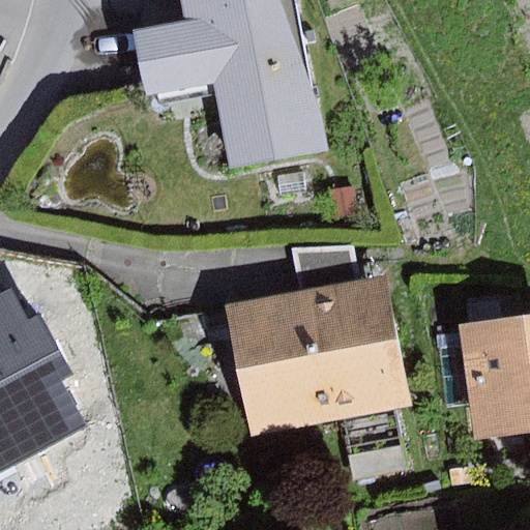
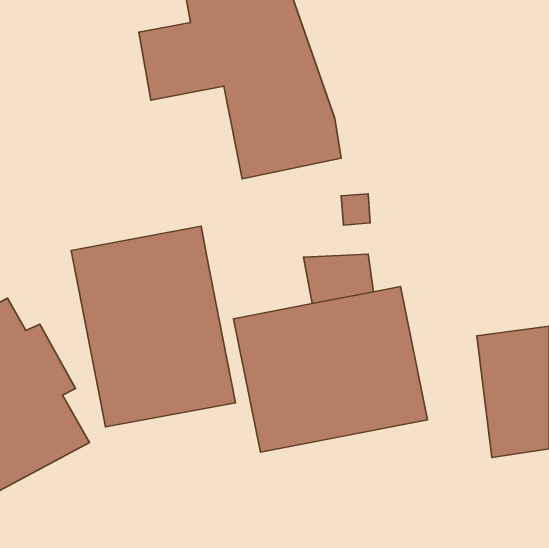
building: none -> [71,226,235,427]

